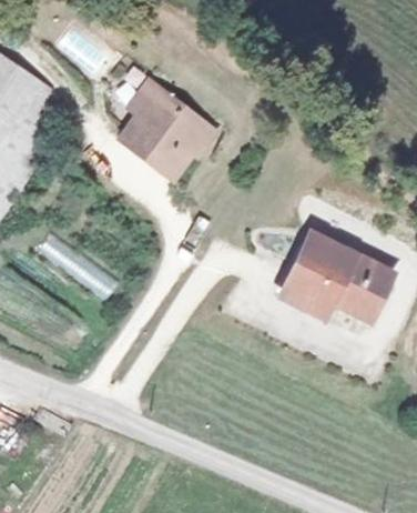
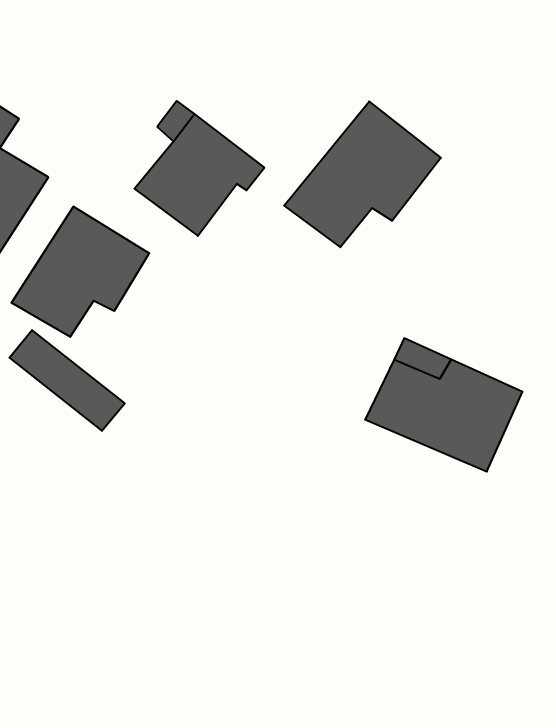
building: none -> [284,101,441,247]
building: none -> [11,206,149,337]

